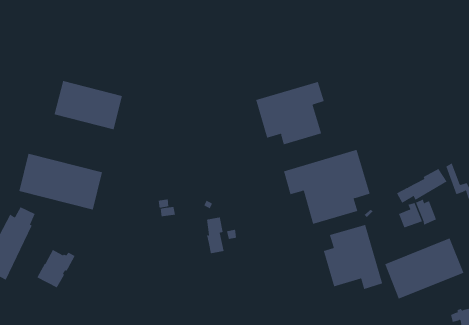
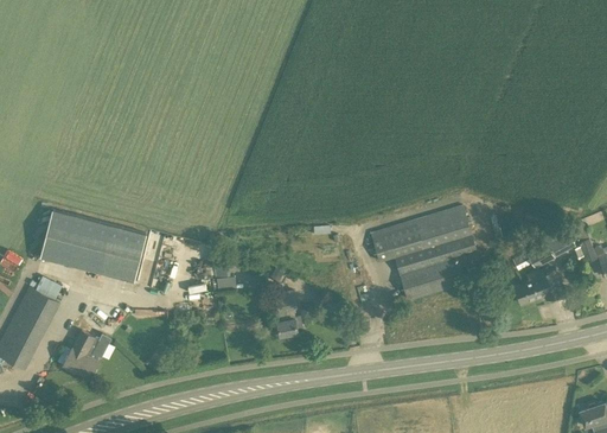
building: [54,80,123,130] -> none
building: [256,81,324,145] -> none
building: [323,224,383,290] -> none
building: [384,237,464,299] -> none

